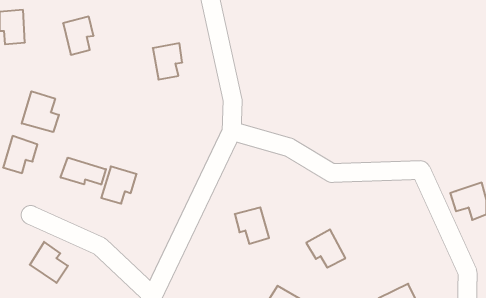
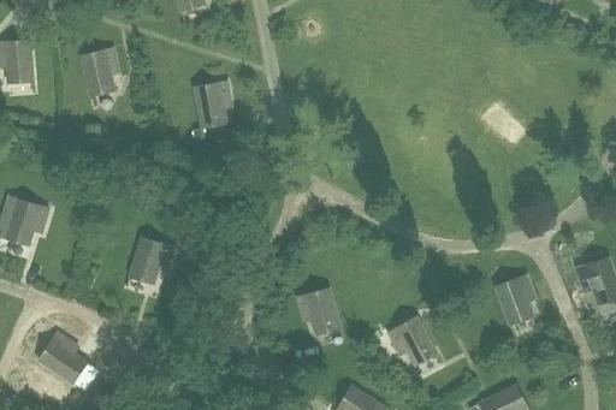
building: [22,91,59,132] -> none
building: [61,158,106,185] -> none
building: none -> [494,274,534,325]

